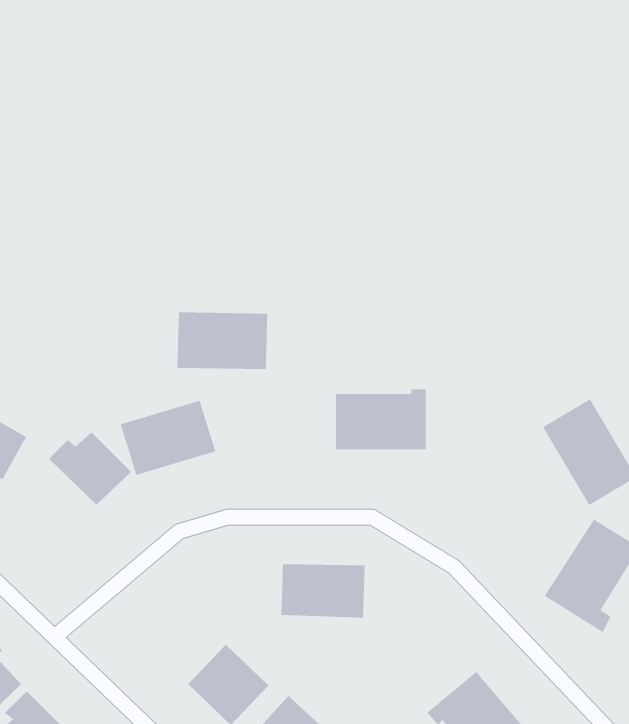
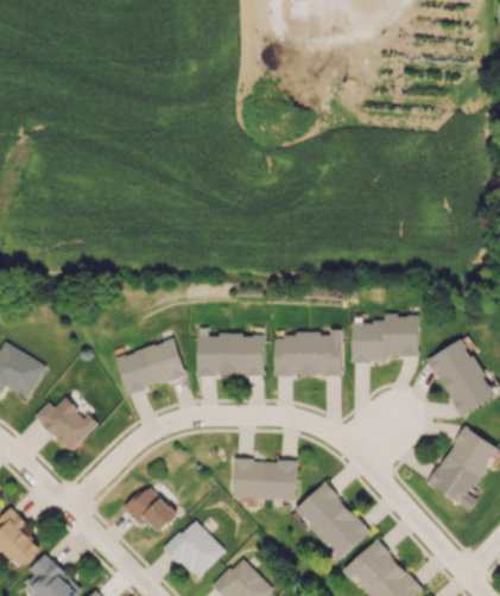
building: [177,312,268,370] -> [197,334,265,376]
building: none -> [352,315,419,362]
building: [48,432,132,505] -> [34,397,96,451]
building: none -> [296,482,371,558]
building: none -> [125,484,178,532]

